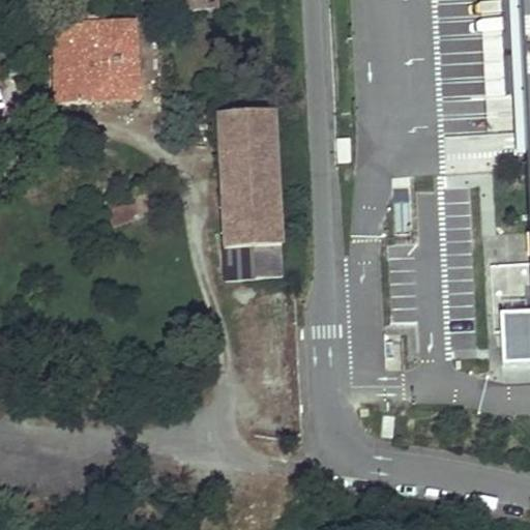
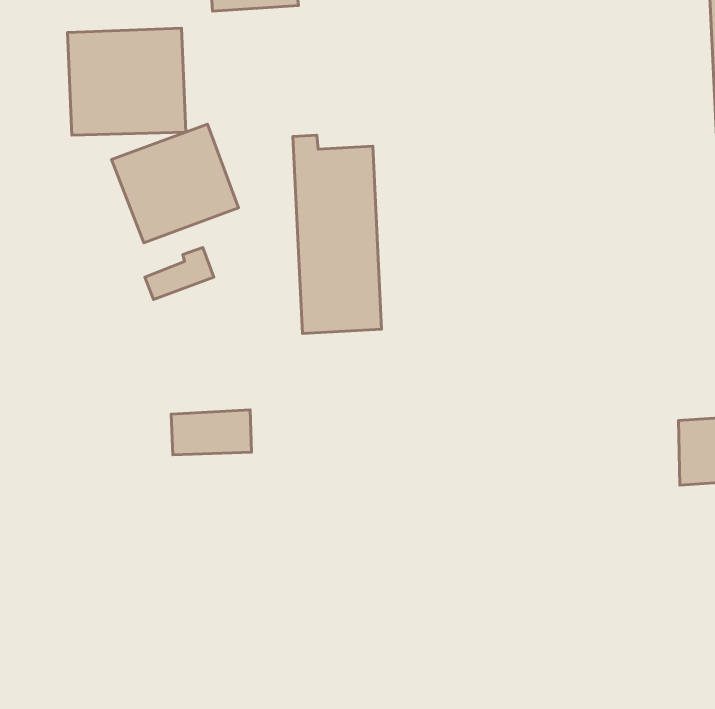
building: none -> [112,124,239,243]
building: [226,242,285,275] -> [171,410,251,455]

